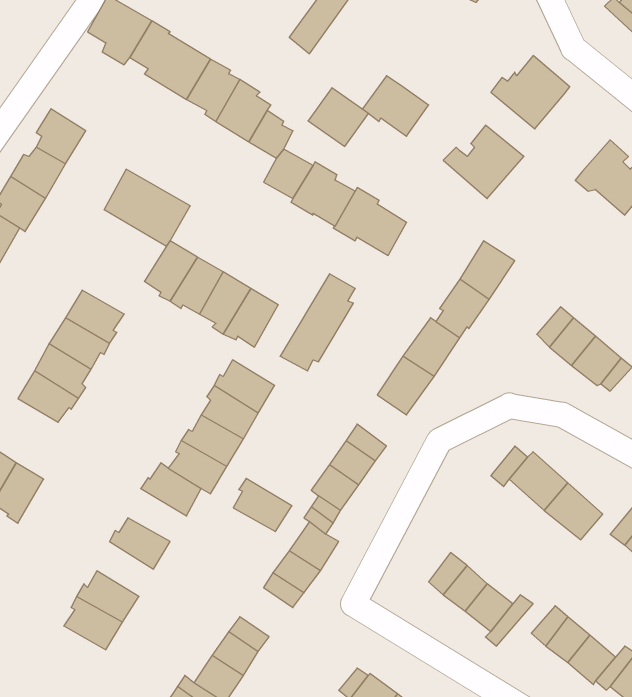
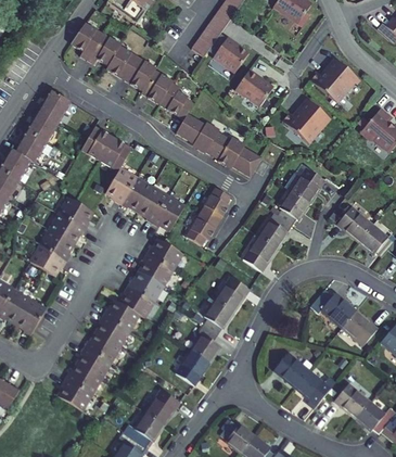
building: [308,88,369,146] -> [213,37,248,72]
building: [233,478,292,532] -> [95,314,130,345]
building: none -> [77,345,111,378]

